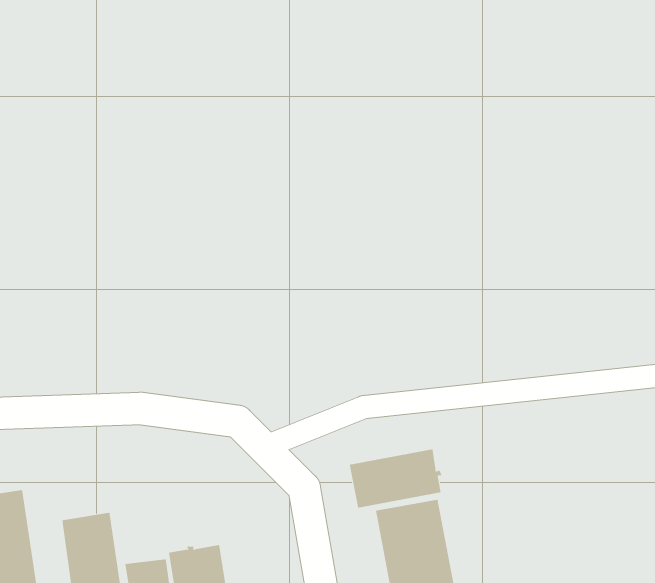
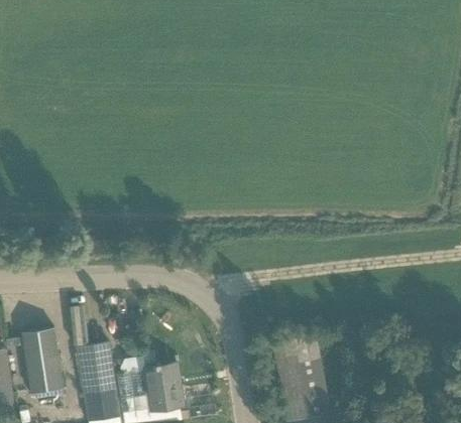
building: [349,448,442,509] -> none

